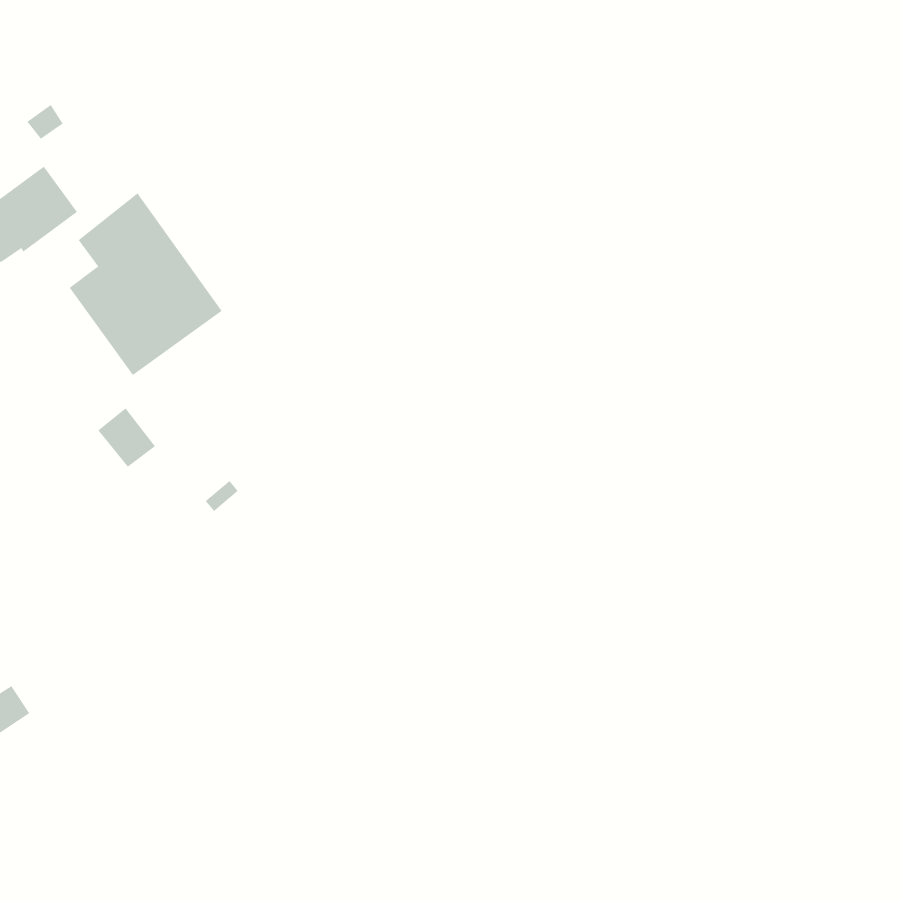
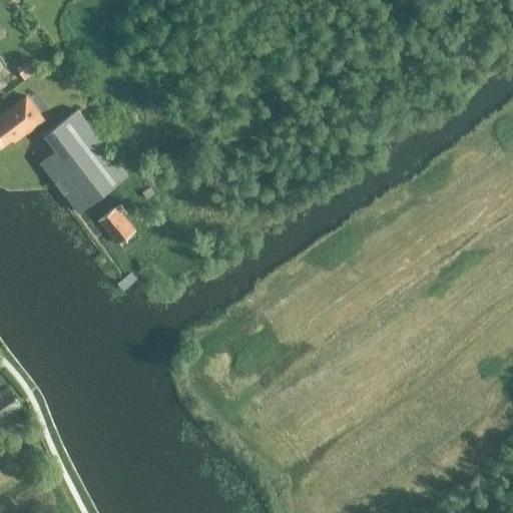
building: [98,407,156,467] -> [99,208,132,242]

